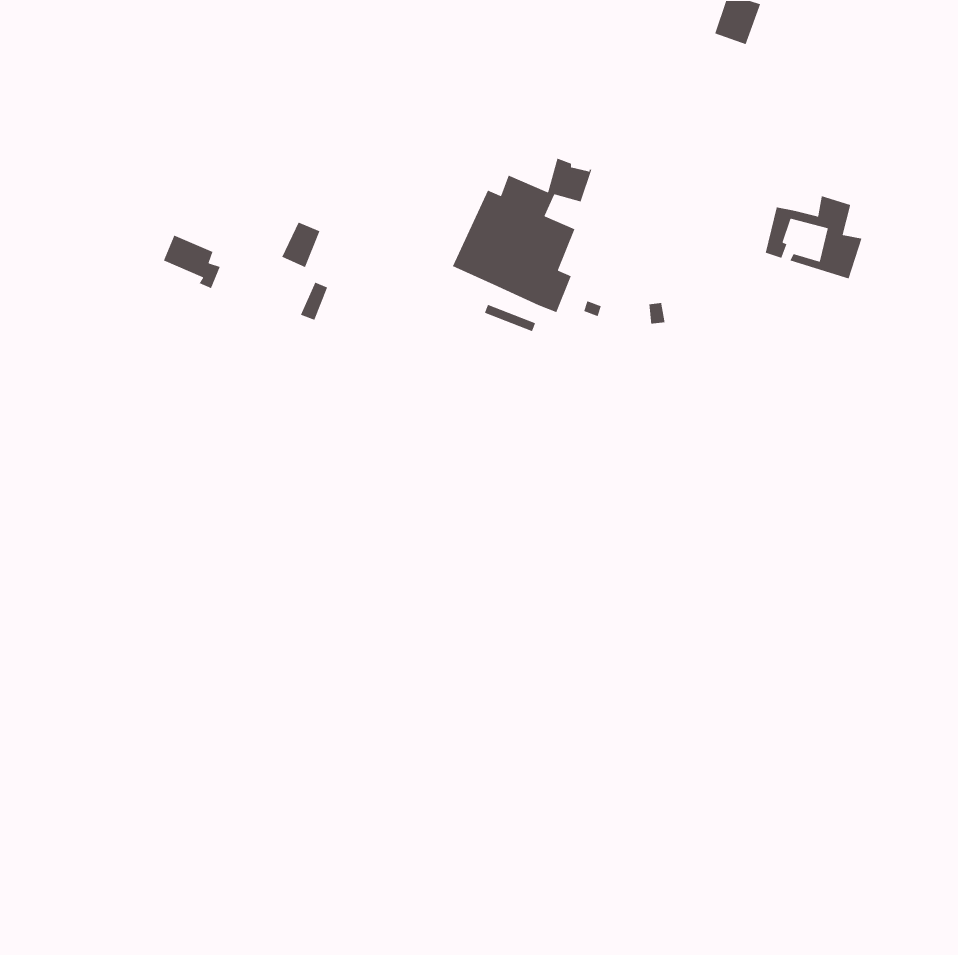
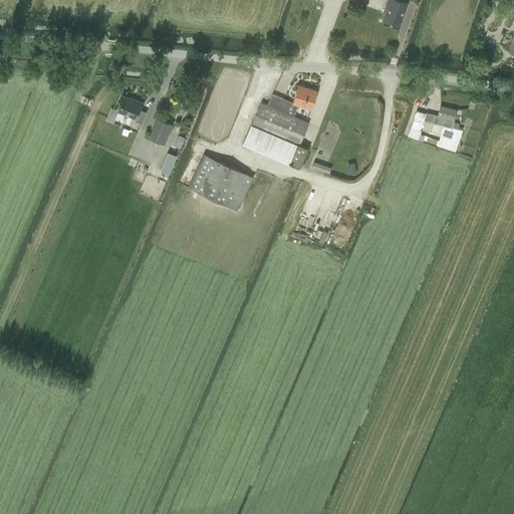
building: [163,235,221,289] -> [115,96,147,125]
building: none -> [188,155,252,212]

